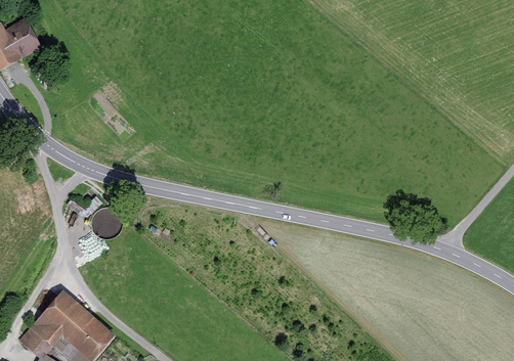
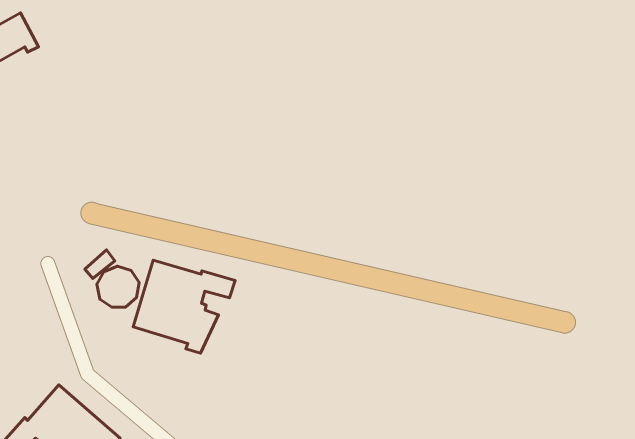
building: none -> [133,260,235,353]

